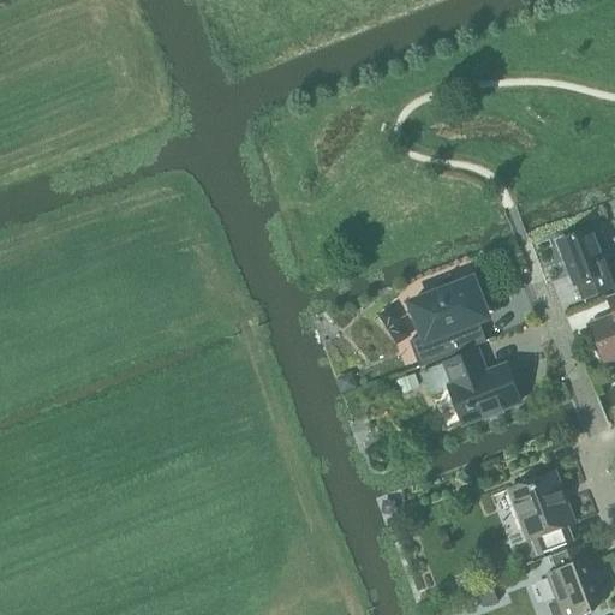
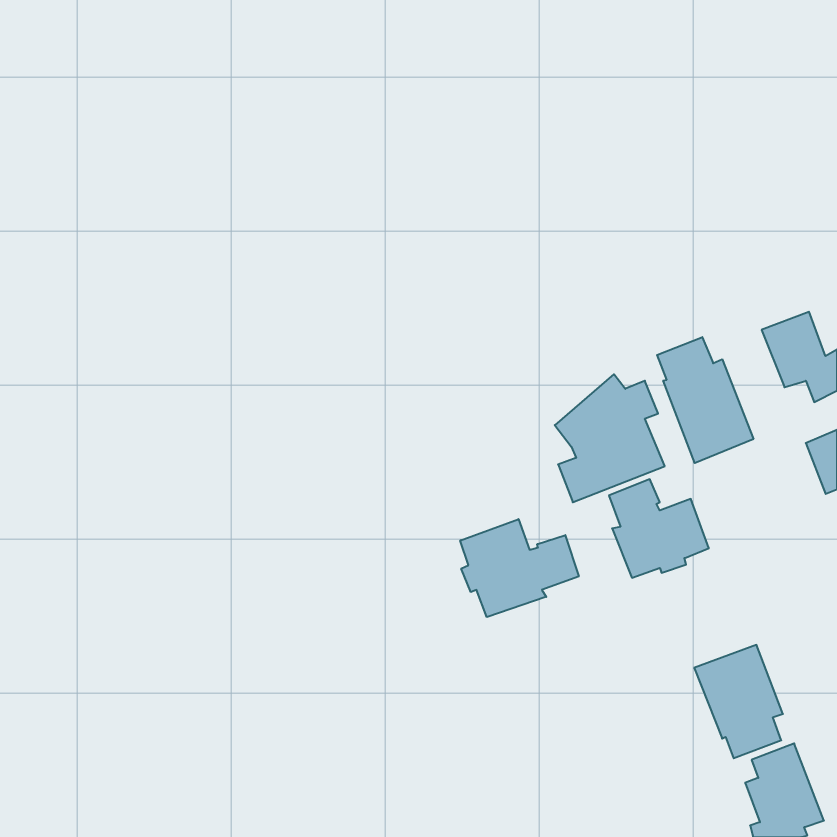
building: none -> [657,337,753,463]
building: none -> [460,519,579,617]

